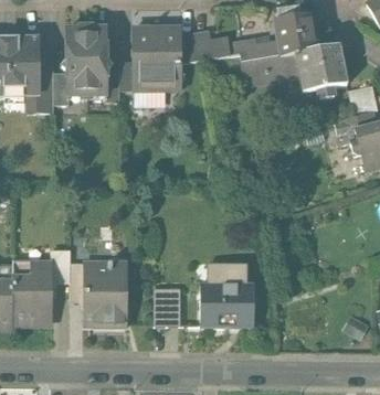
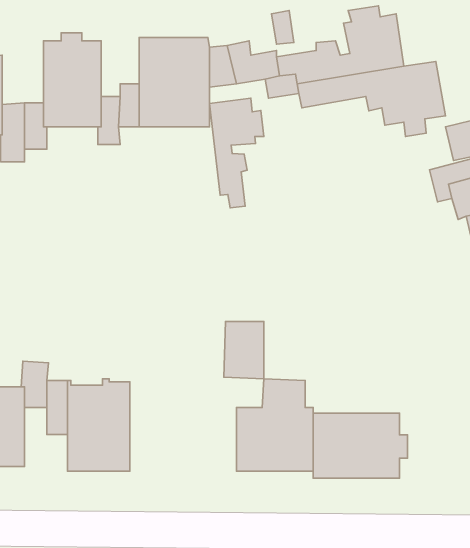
building: none -> [209,98,264,208]
building: none -> [313,413,407,478]
building: [154,287,181,327] -> [224,321,264,379]

